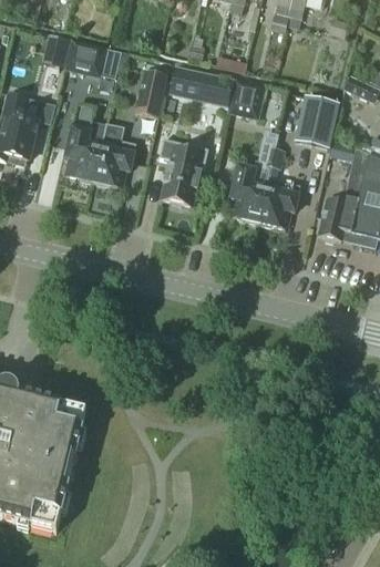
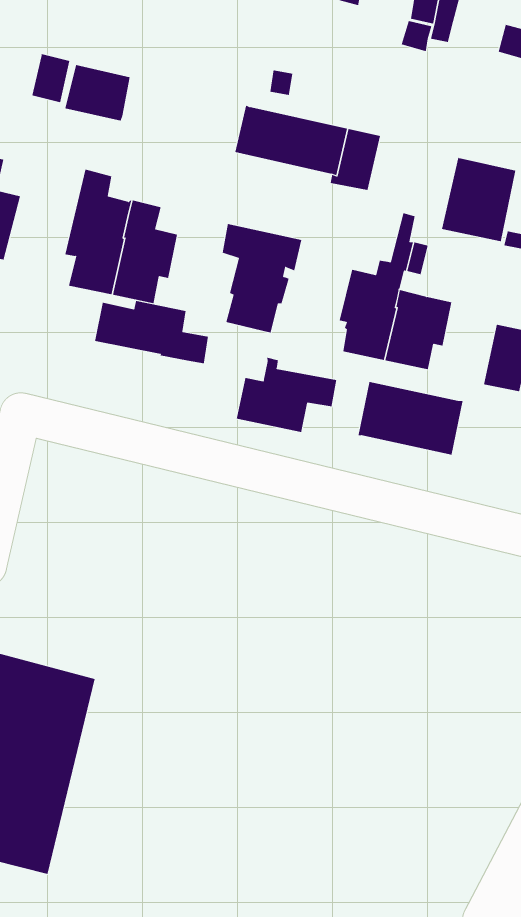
building: [136,61,168,117] -> none
building: none -> [95,300,209,364]
building: none -> [236,357,337,433]
building: none -> [358,381,463,456]

